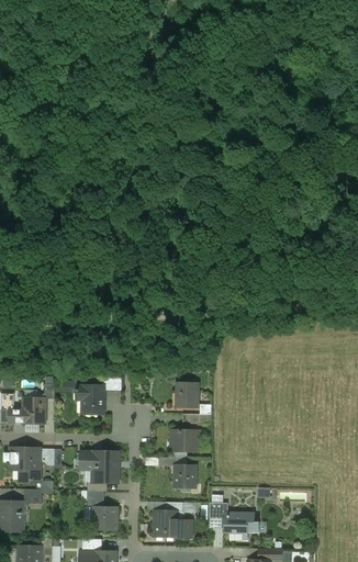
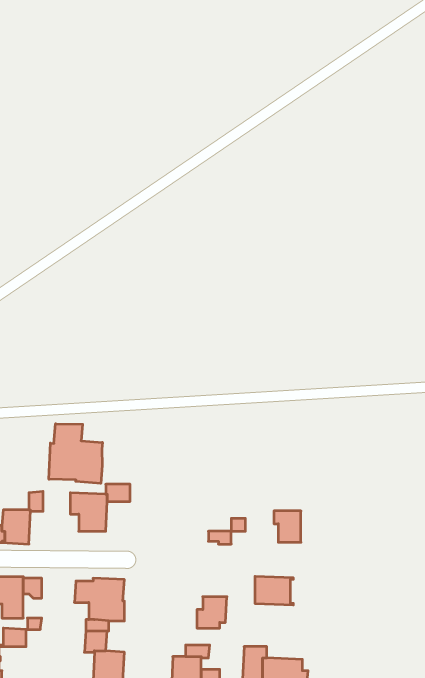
building: none -> [49,424,102,483]
building: [177,383,198,407] -> [274,511,301,542]
building: [170,429,200,451] -> [255,576,293,605]

